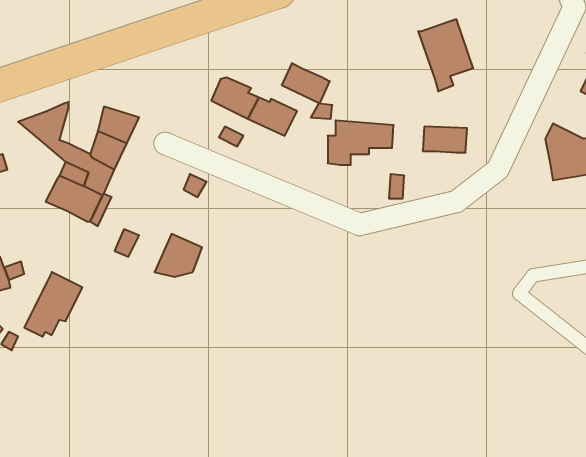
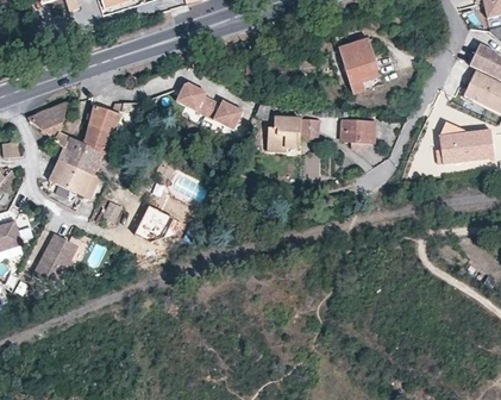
building: [282,63,330,103] -> none

